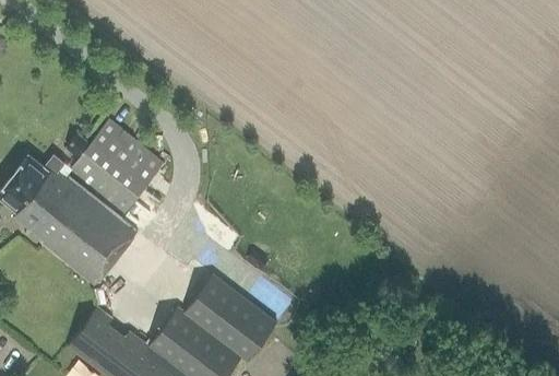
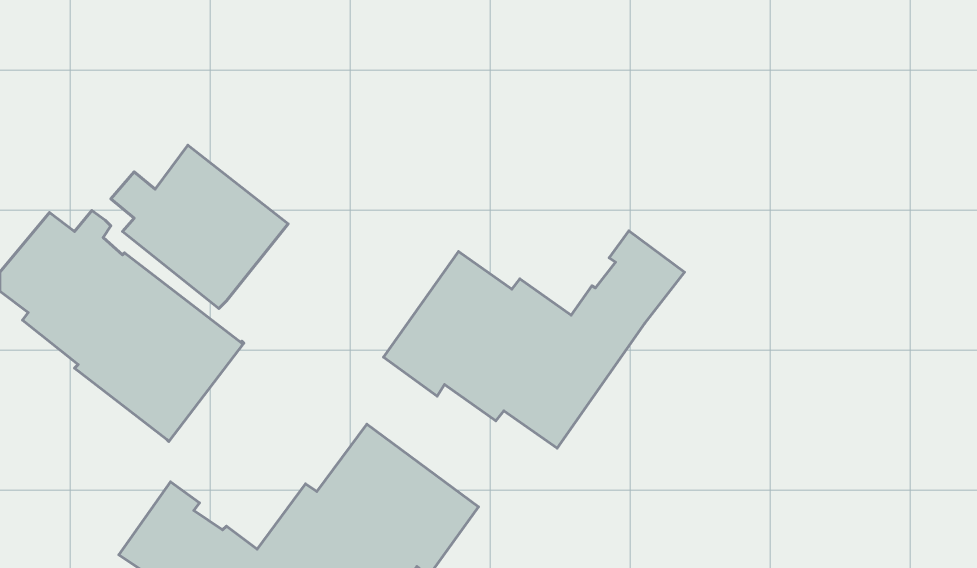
building: none -> [383,231,685,448]

